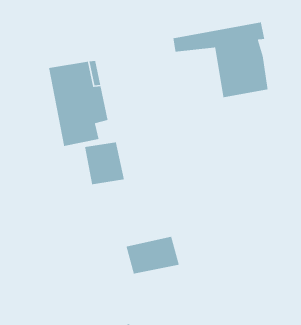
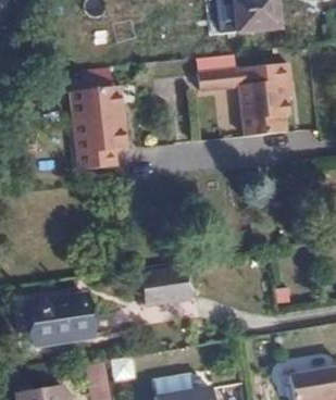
building: [84,142,125,185] -> none
building: none -> [33,295,98,345]

